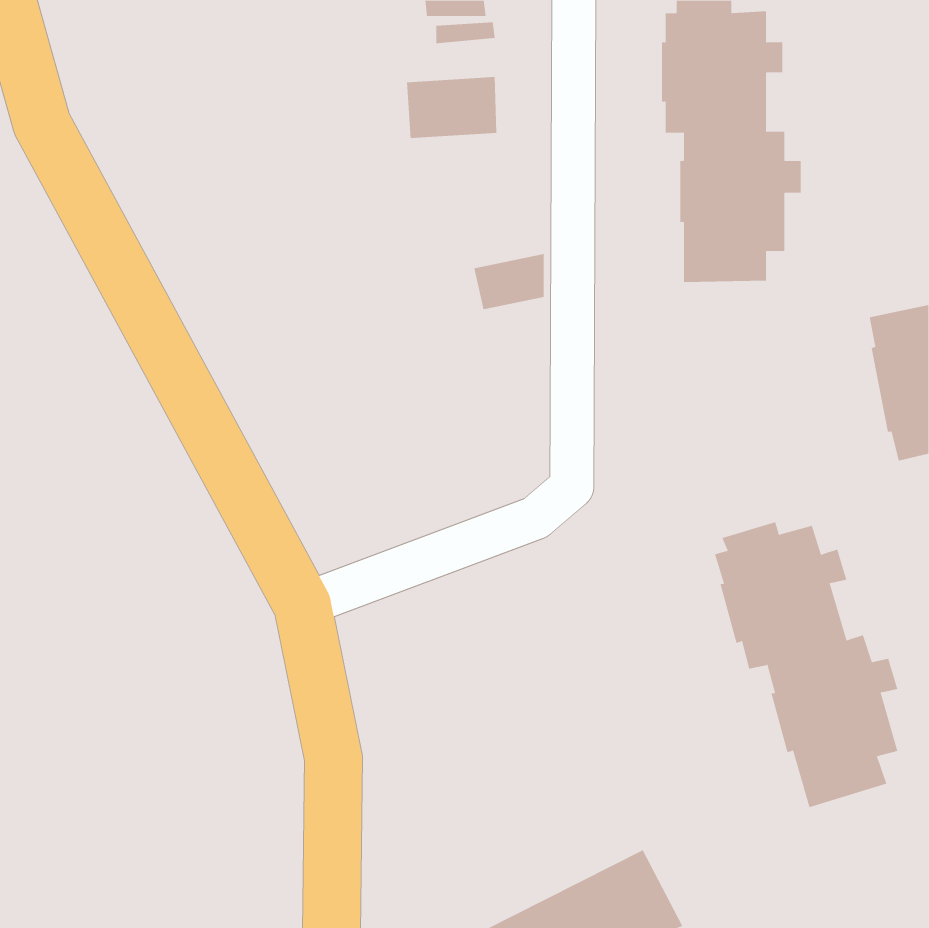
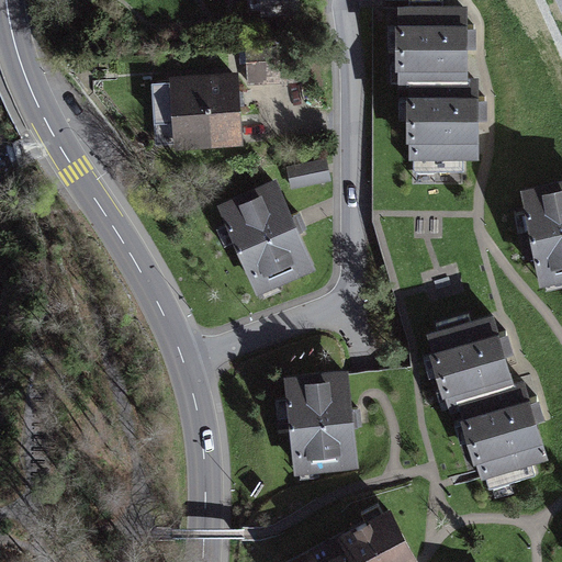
building: none -> [149,78,238,145]
building: none -> [221,186,310,289]
building: none -> [285,375,359,469]

